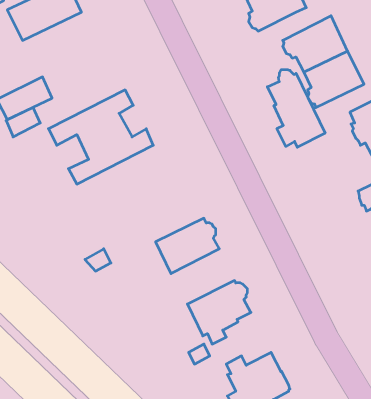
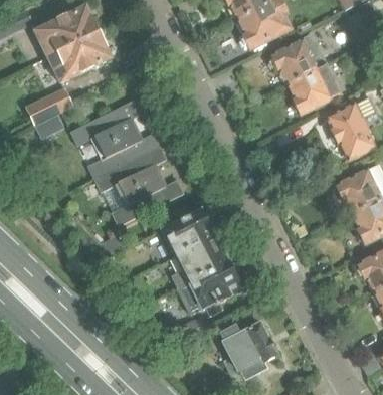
building: none -> [48,31,112,81]
building: [267,70,325,147] -> none
building: none -> [94,145,184,225]
building: none -> [172,233,229,286]

